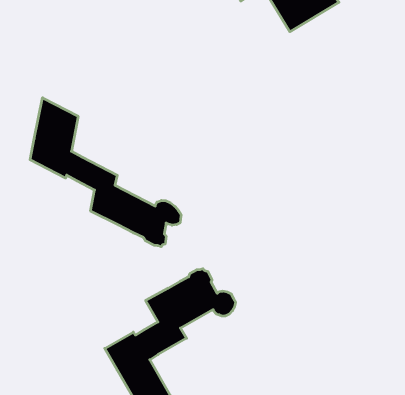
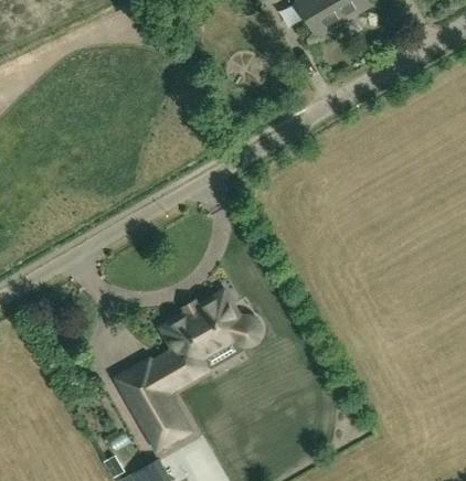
building: [30,98,181,247] -> none

